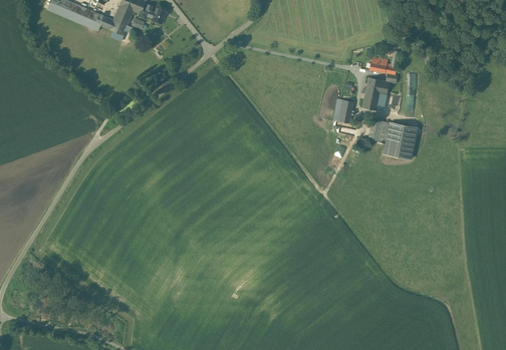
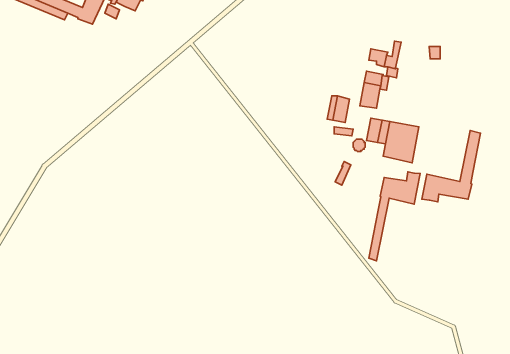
building: none -> [422,130,480,202]
building: none -> [369,172,420,261]

